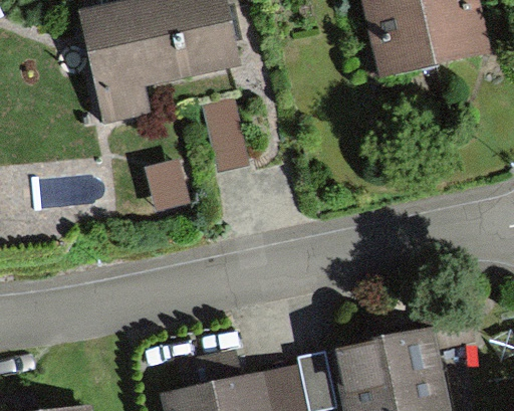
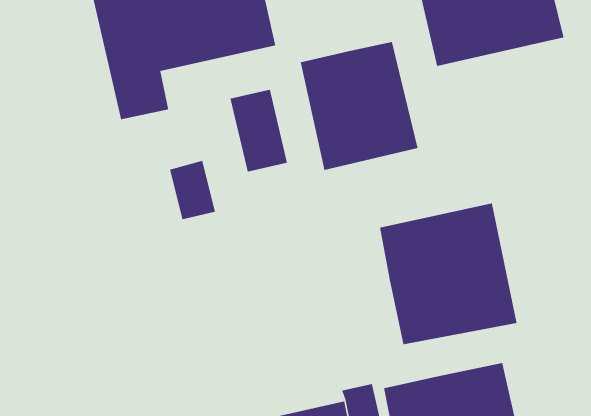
building: none -> [300,41,419,171]
building: none -> [379,202,518,345]

